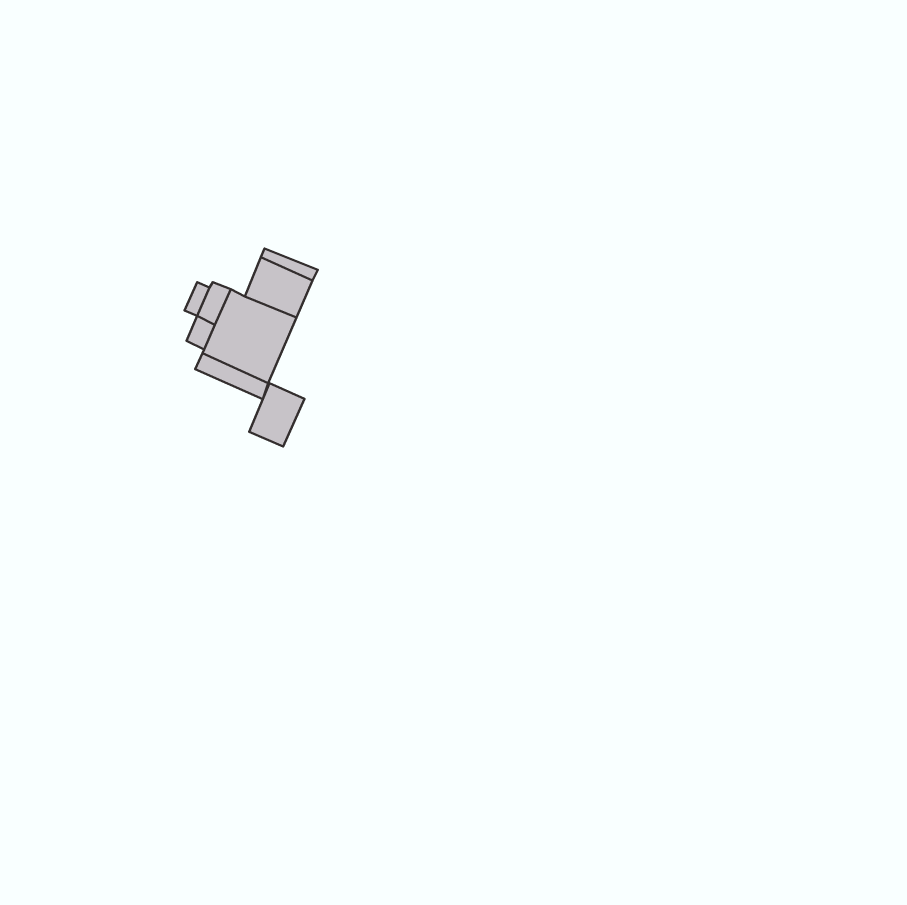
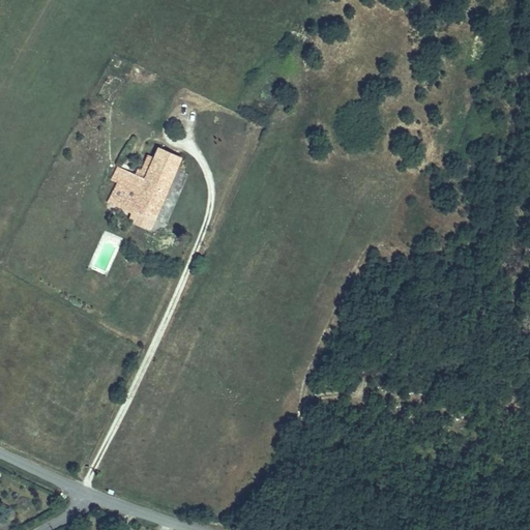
building: [249,383,304,447] -> none

